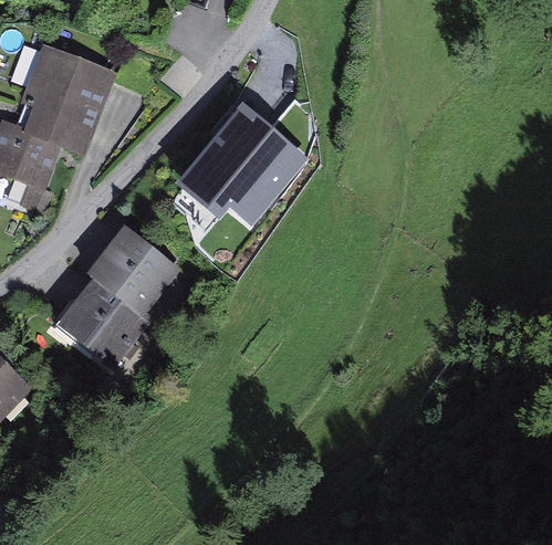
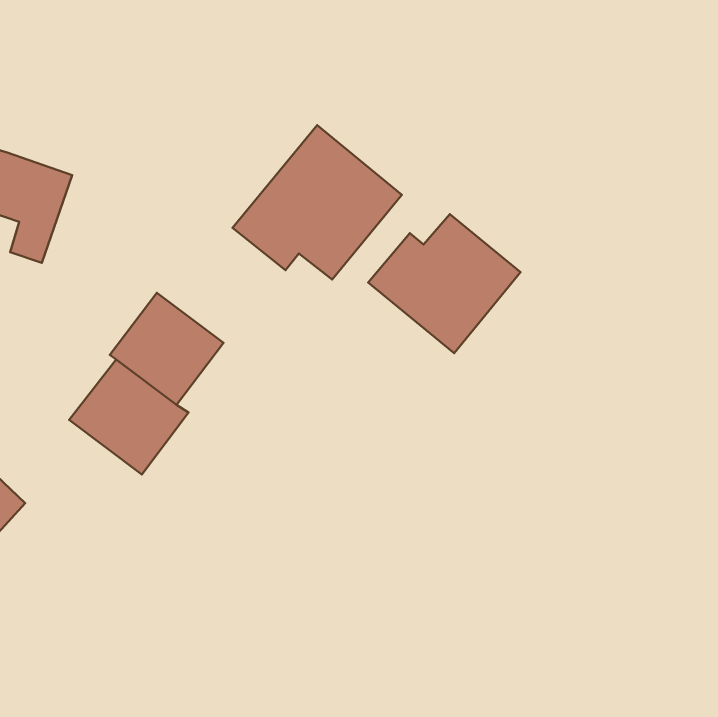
building: [14,46,114,153] -> none
building: none -> [368,214,520,353]

